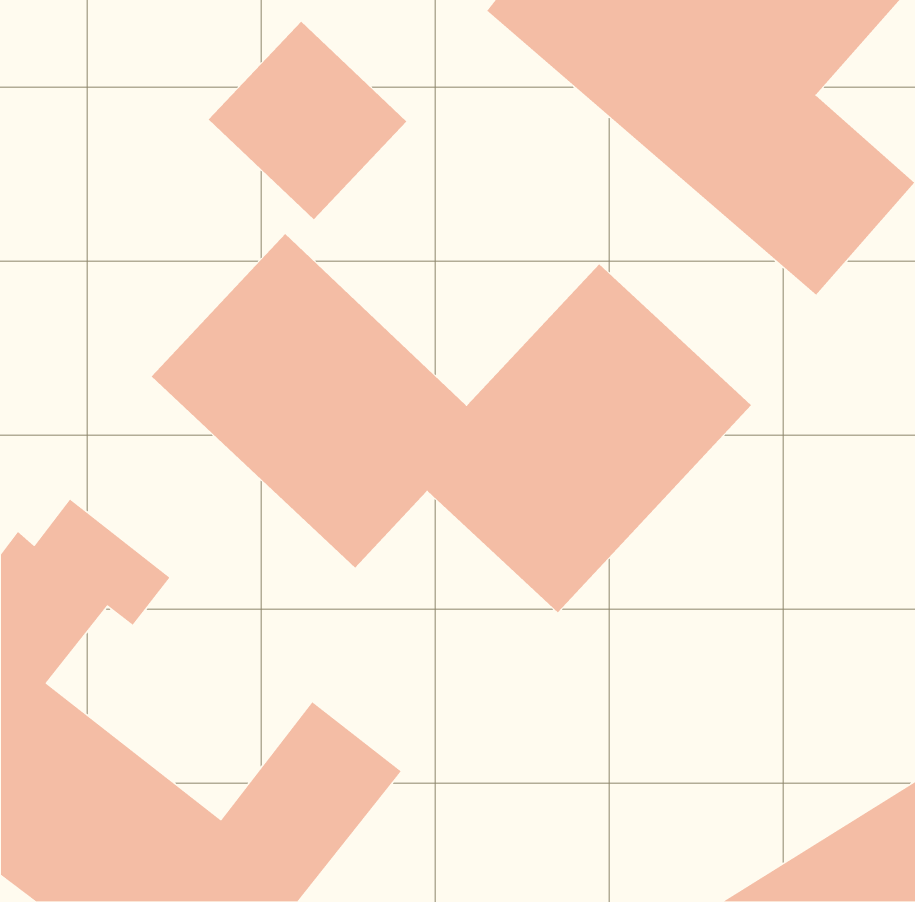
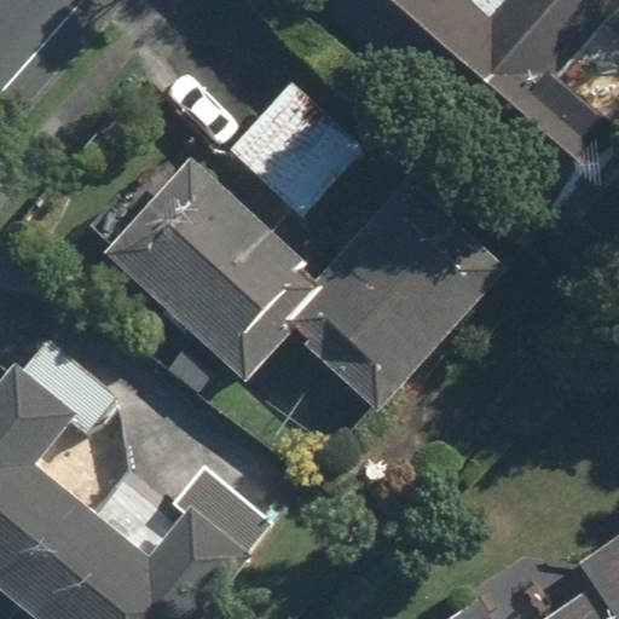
building: [208,21,407,220] -> [228,80,363,214]

